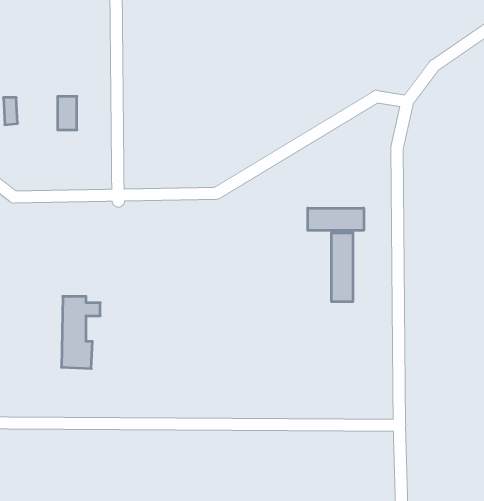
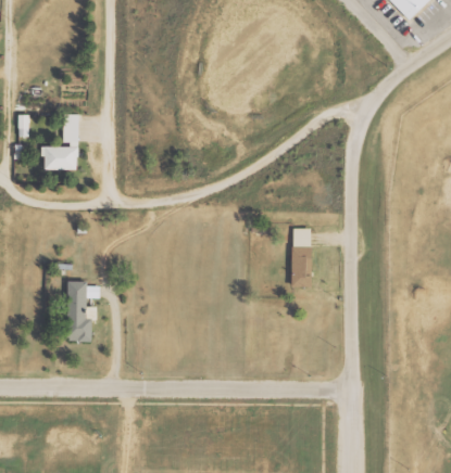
building: none -> [43,145,77,168]
building: [308,208,364,230] -> none

